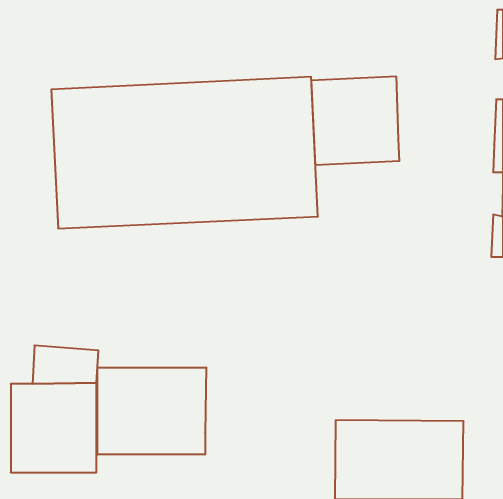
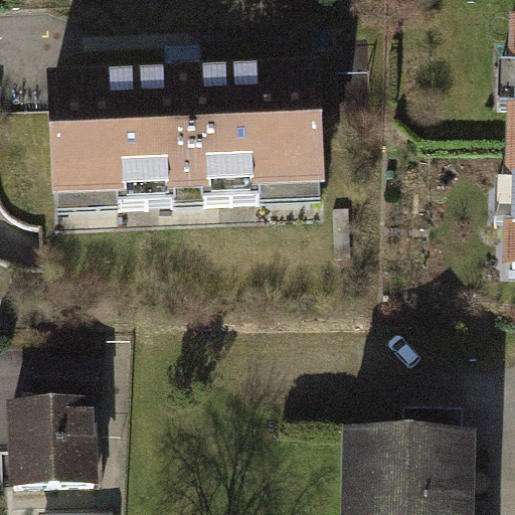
building: [311,76,399,165] -> none
building: [97,367,206,455] -> none

